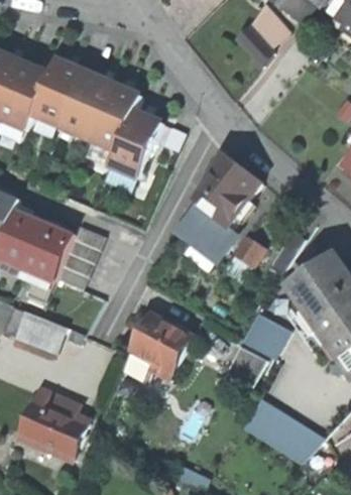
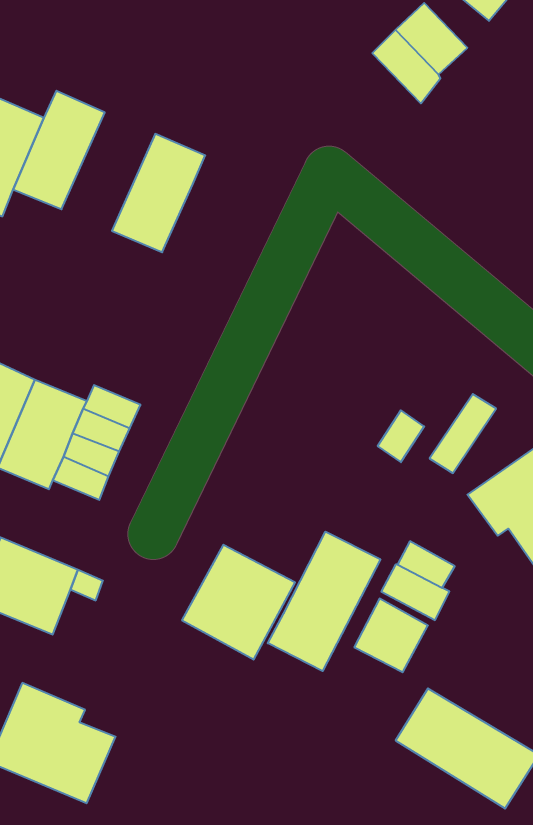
building: [58,71,111,137] -> none
building: [108,111,160,177] -> none
building: [174,151,259,250] -> none
building: none -> [268,532,380,671]

